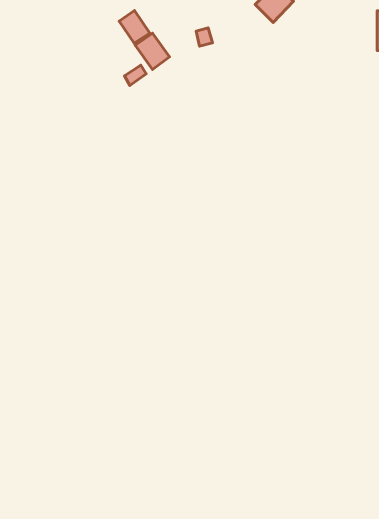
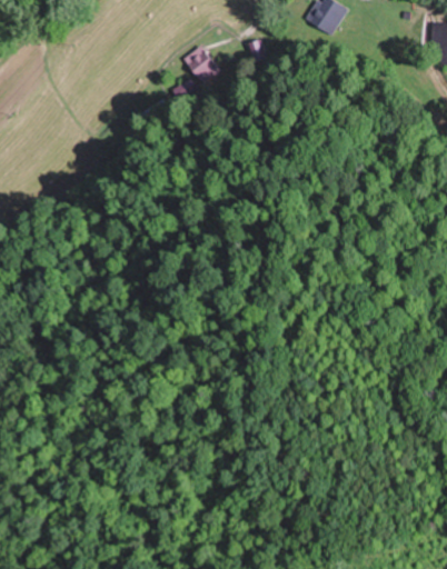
building: [119,11,150,43] -> none

